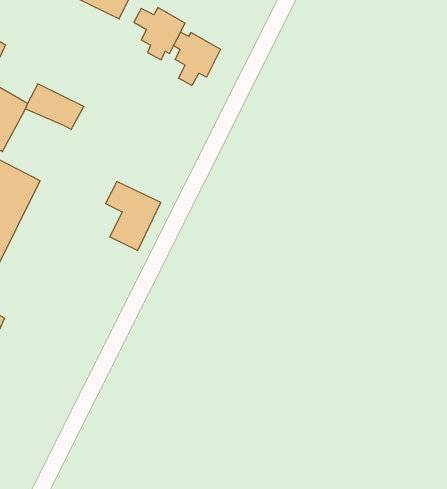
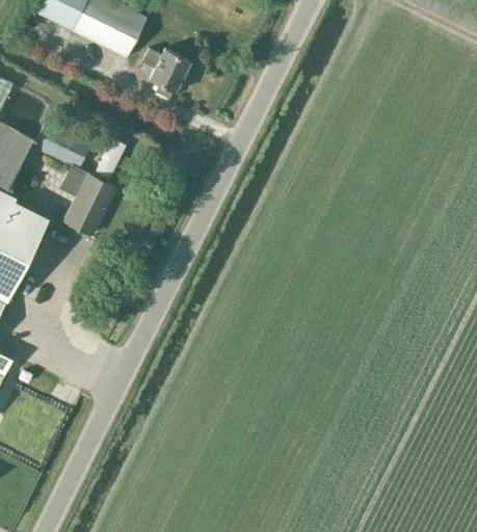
building: [173,32,220,85] -> none
building: [106,182,161,250] -> [59,165,114,234]

